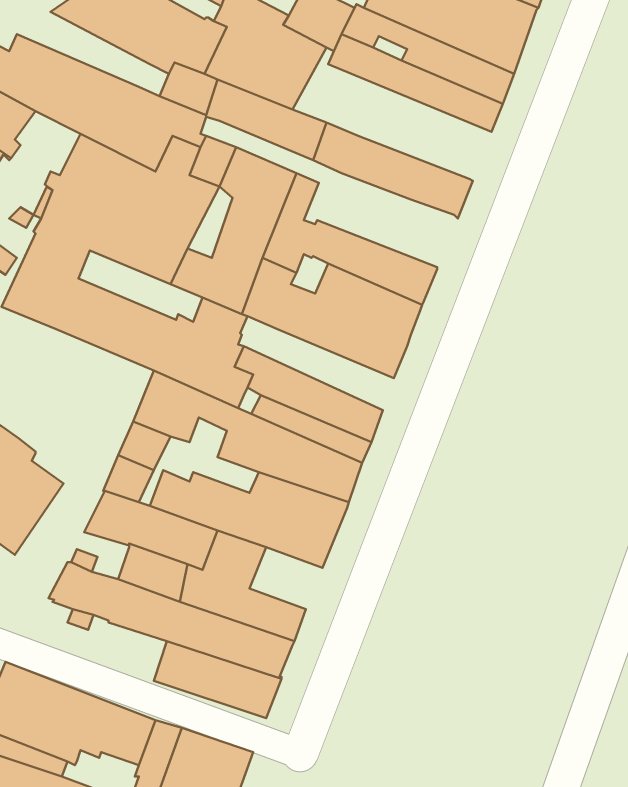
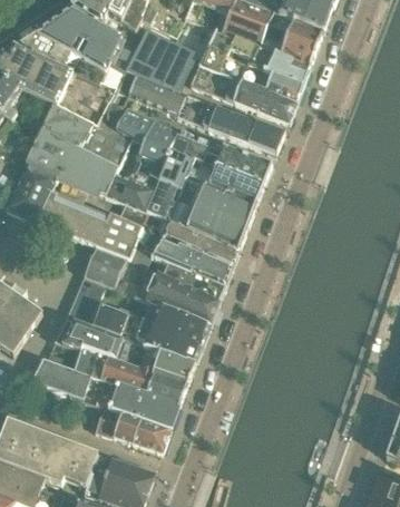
building: none -> [13,32,74,68]
building: none -> [189,64,295,124]
building: none -> [184,134,271,184]
building: none -> [145,221,237,269]
building: none -> [152,350,195,387]

